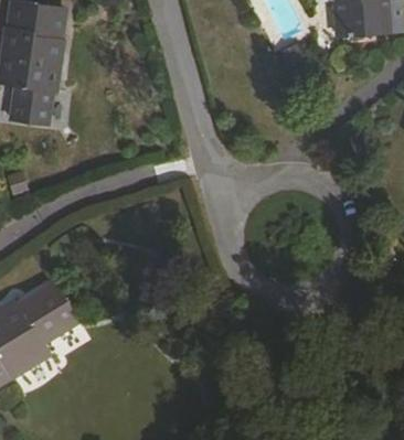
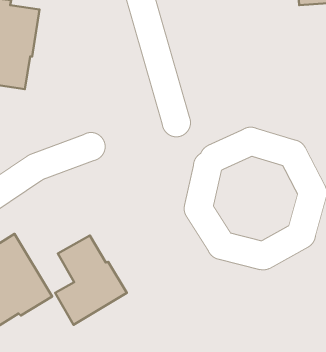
building: none -> [55,235,127,325]

